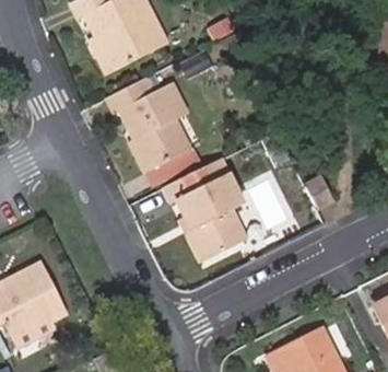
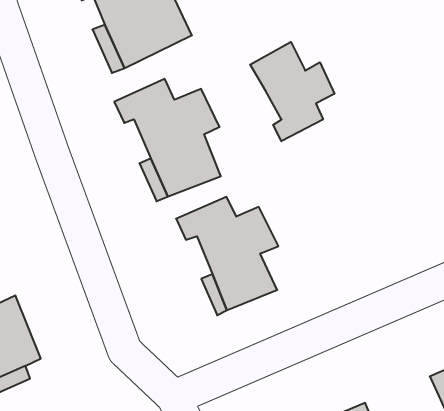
building: none -> [250,42,334,141]

